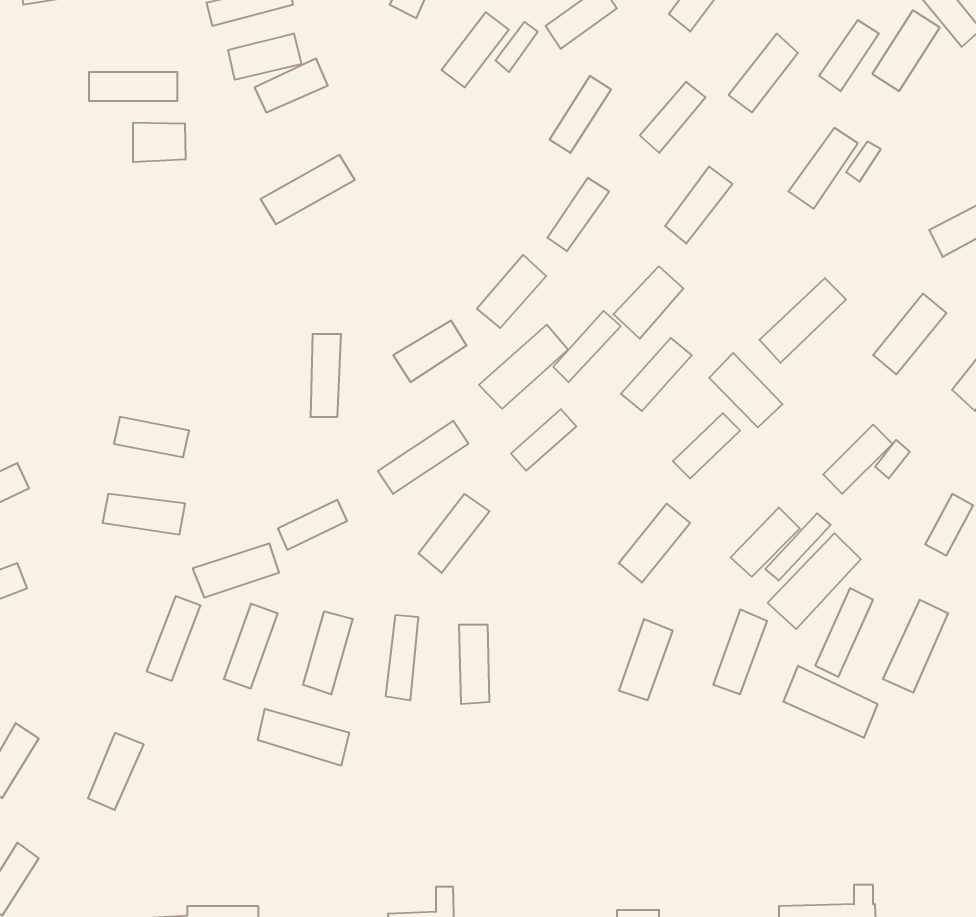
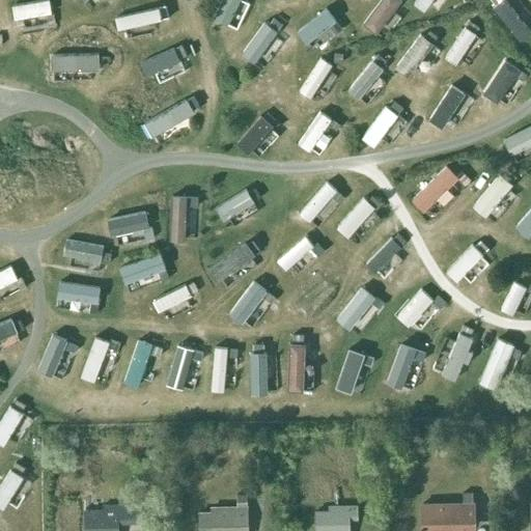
building: [872,10,940,91] -> [483,59,520,103]
building: [228,33,302,80] -> none
building: [133,123,185,162] -> none
building: [477,255,546,328] -> [235,114,273,153]
building: [613,266,683,339] -> none
building: [479,325,568,409] -> none
building: [709,353,783,427] -> none
building: none -> [107,212,148,235]
building: [768,533,861,629] -> none
building: [193,544,279,597] -> [118,254,165,283]
building: none -> [286,343,305,393]
building: [783,666,877,738] -> none
building: [258,709,349,766] -> none
building: [88,733,144,810] -> [39,335,69,376]

